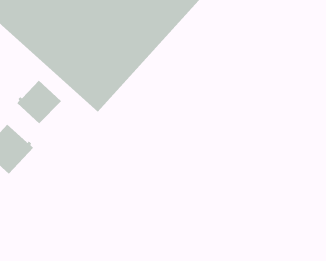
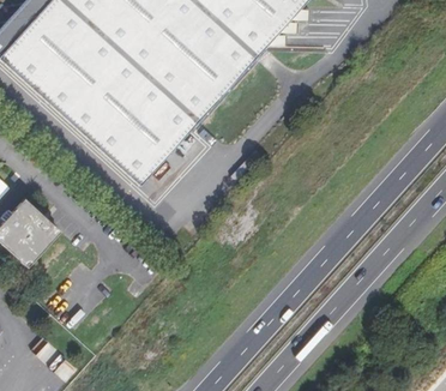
building: [16,80,62,124] -> none

